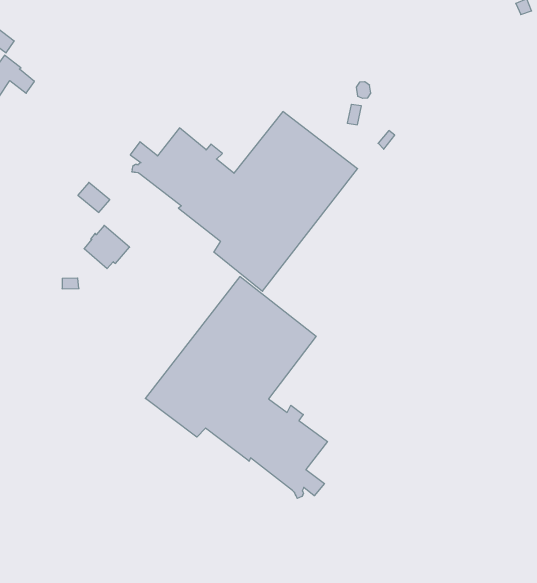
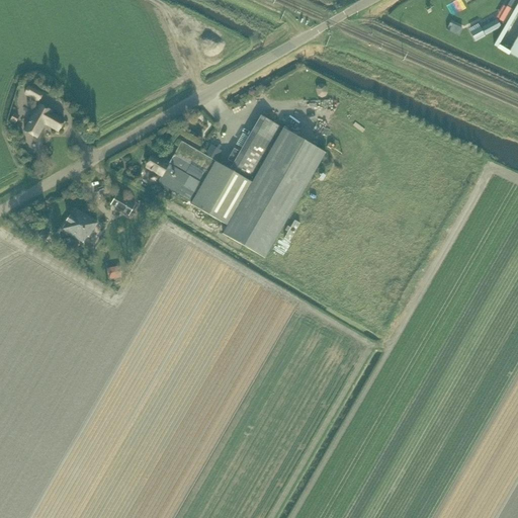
building: [84,225,130,269] -> [63,207,98,241]
building: [145,277,327,498] -> none

